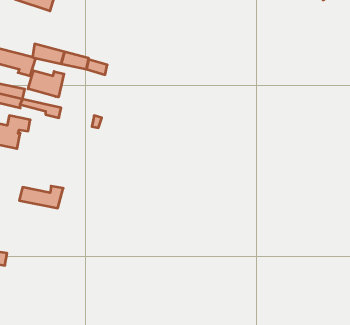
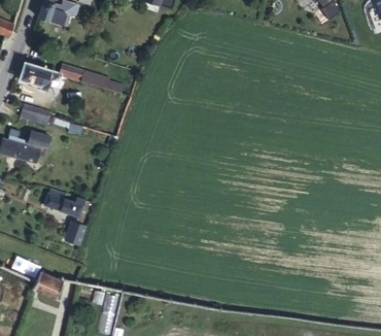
building: [28,71,64,97] -> none
building: none -> [63,221,84,246]
building: none -> [32,271,62,299]

